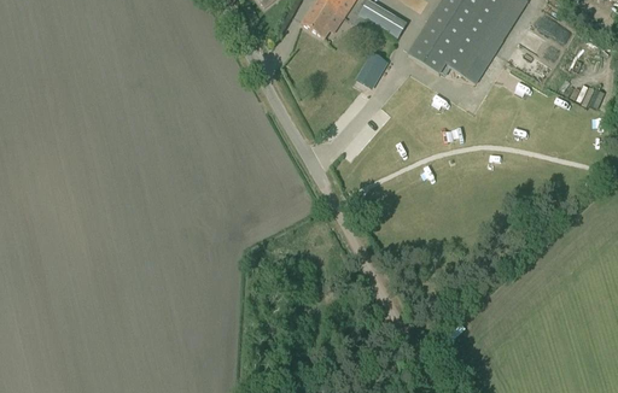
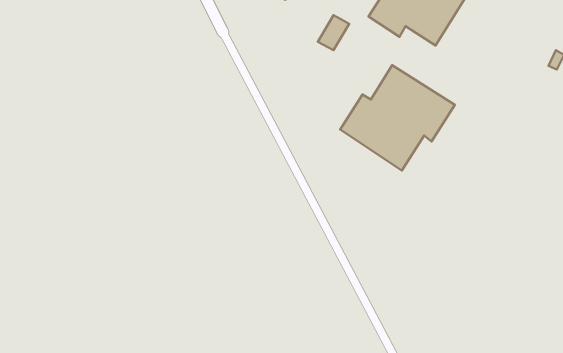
building: none -> [340,65,455,171]

